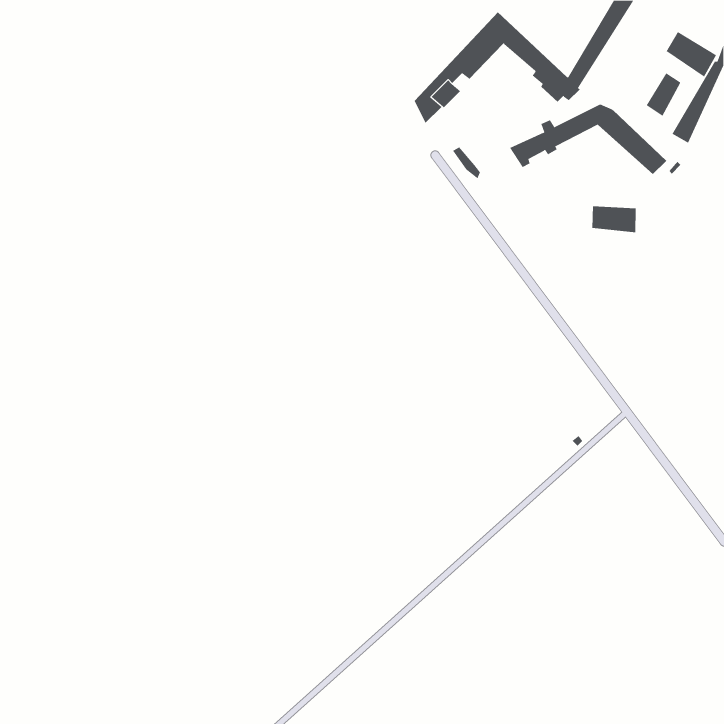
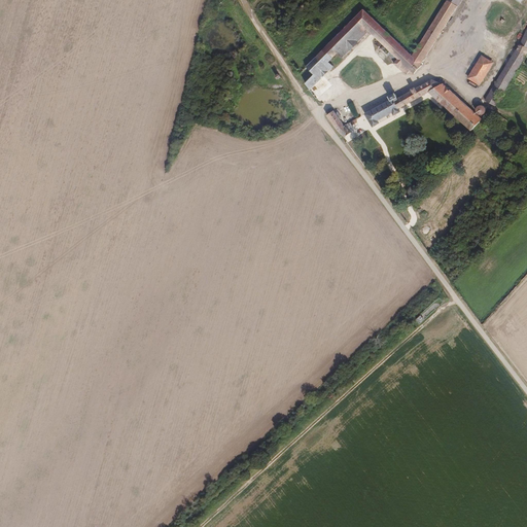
building: [666,31,717,78] -> none
building: [592,206,636,233] -> none

